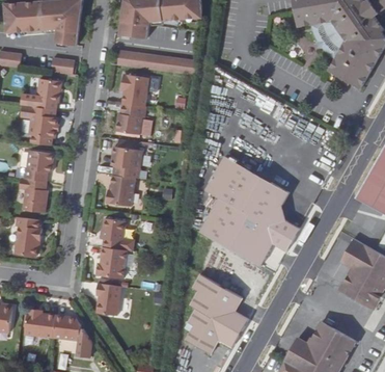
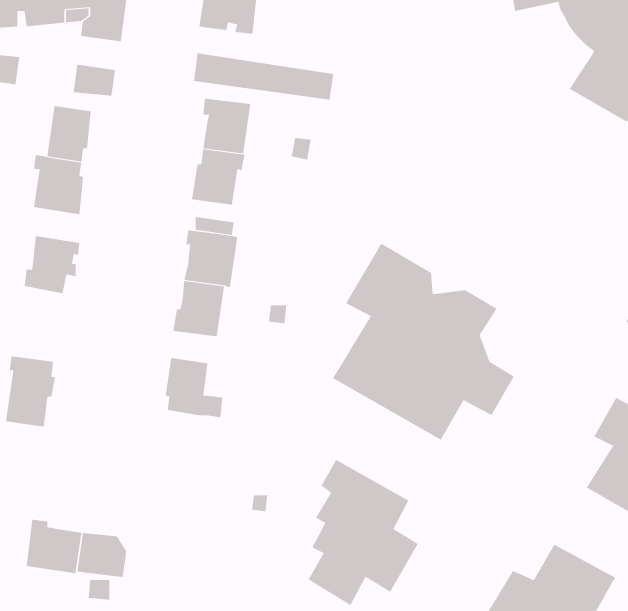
building: [23,179,48,214] -> none
building: [97,247,127,278] -> none
building: [97,284,121,317] -> none

